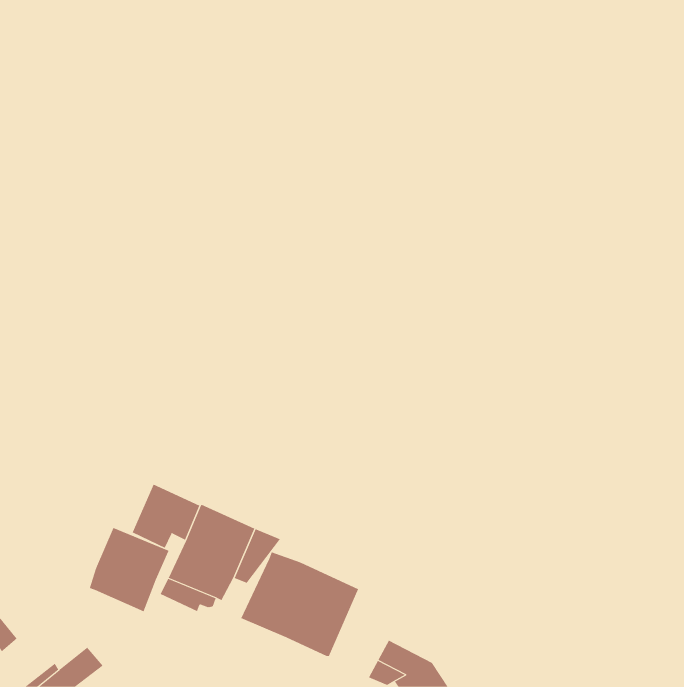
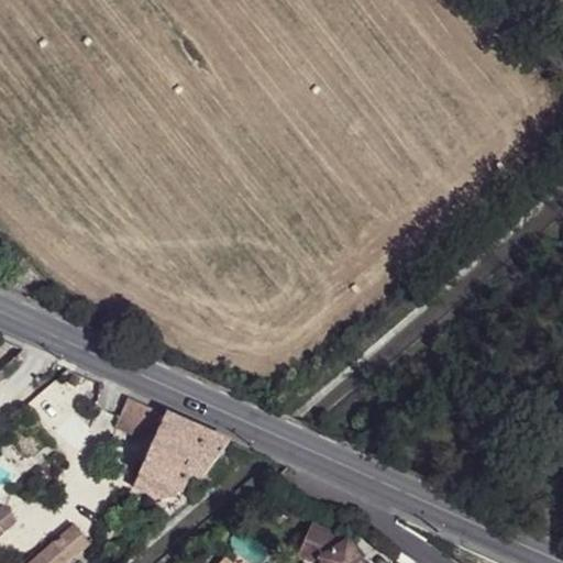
building: [89,527,169,612] -> none
building: [241,551,359,657] -> none

